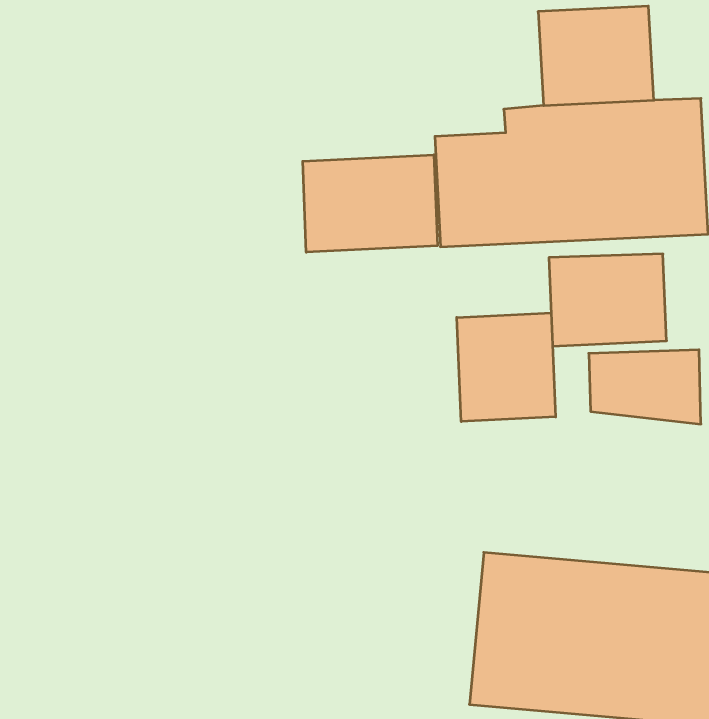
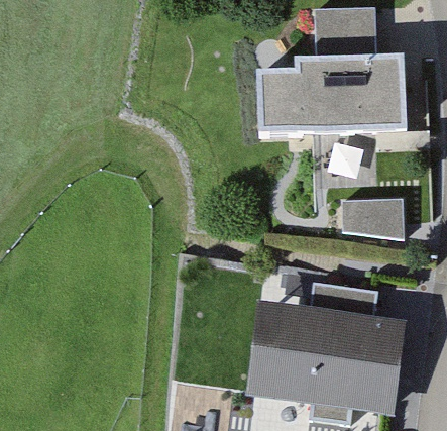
building: [303,155,437,252] -> none
building: [457,313,556,422] -> none

